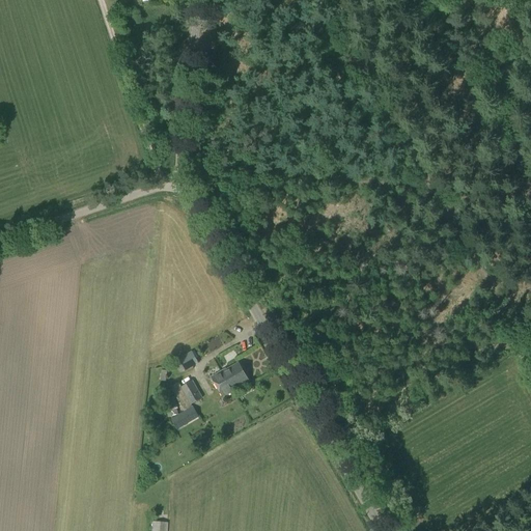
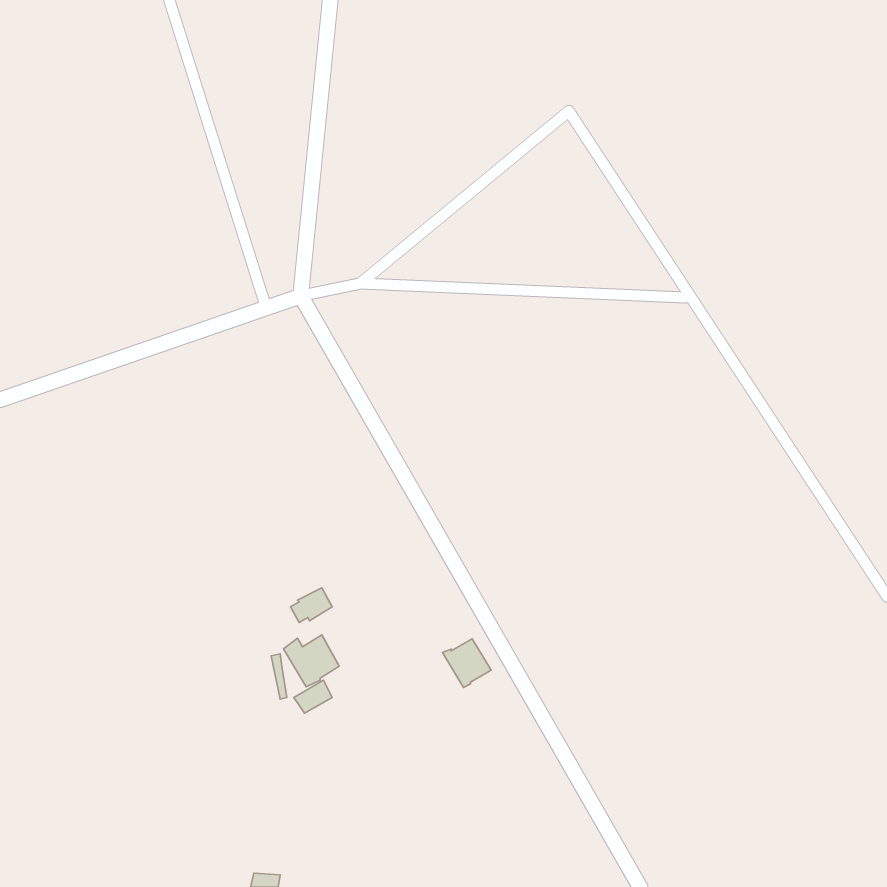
building: [220,362,249,391] -> [443,639,491,687]

